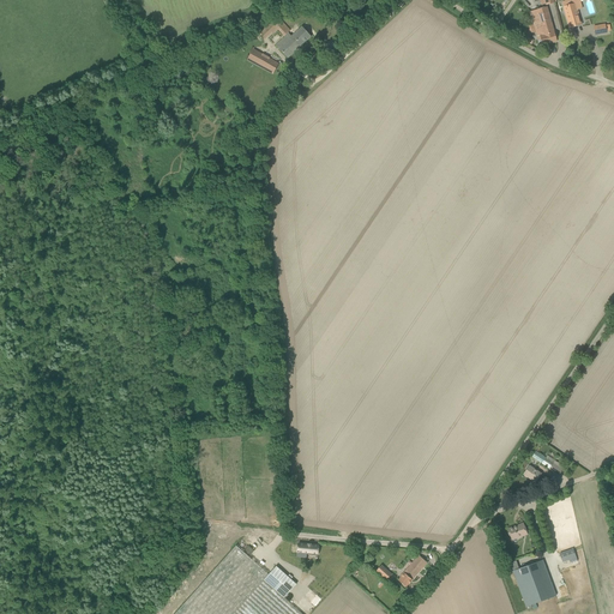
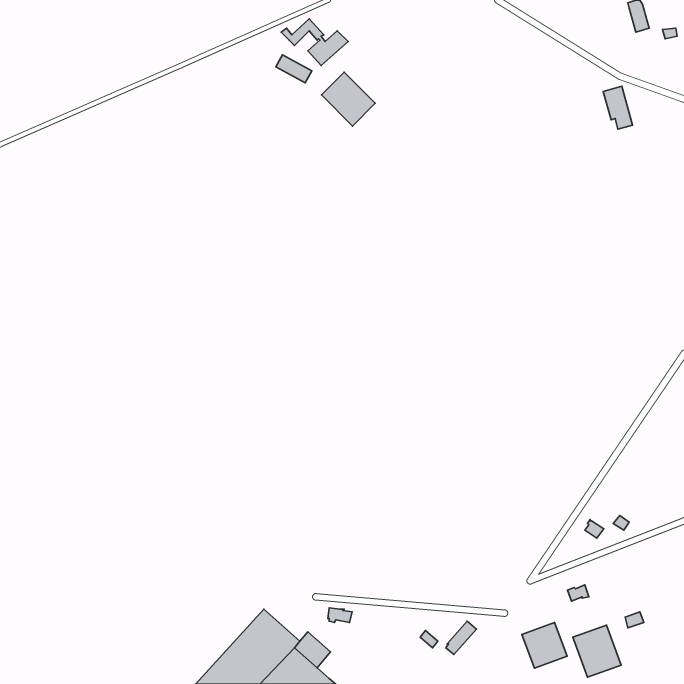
building: [530,7,556,46] -> [603,86,633,129]
building: none -> [321,72,375,126]
building: none -> [522,622,567,668]

